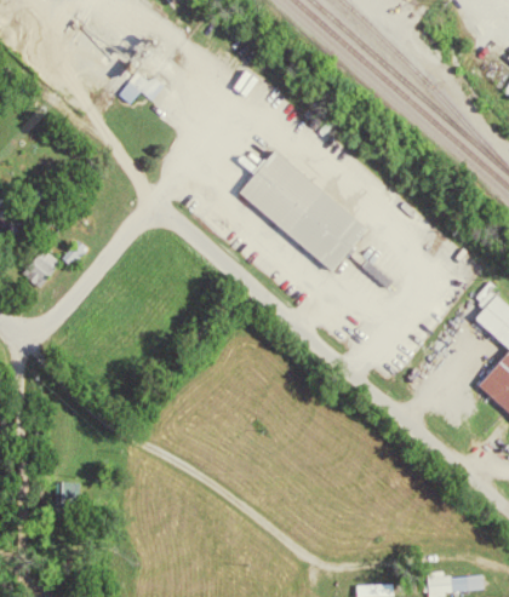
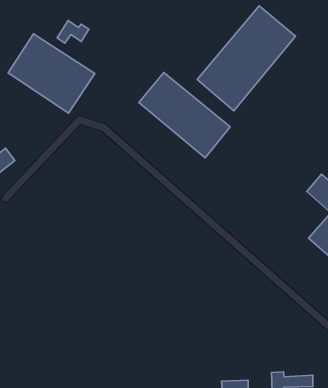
building: none -> [197,6,296,111]
building: none -> [8,34,95,113]

